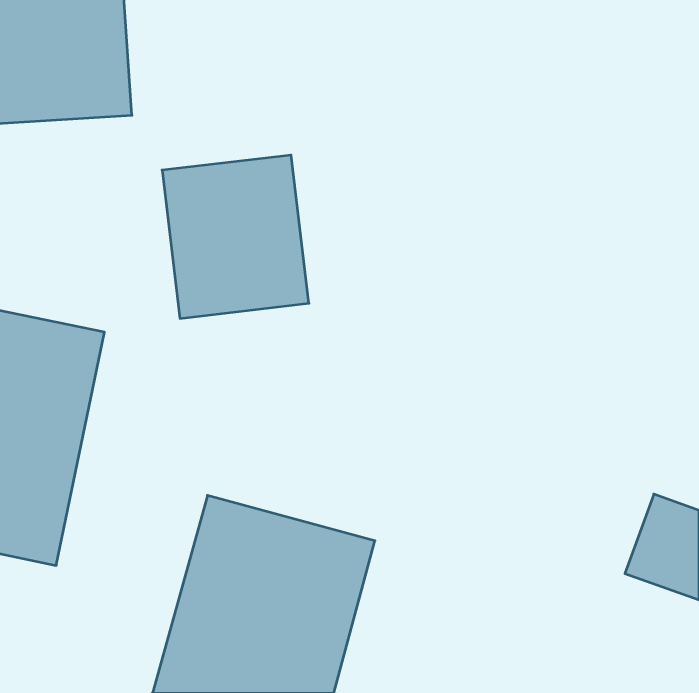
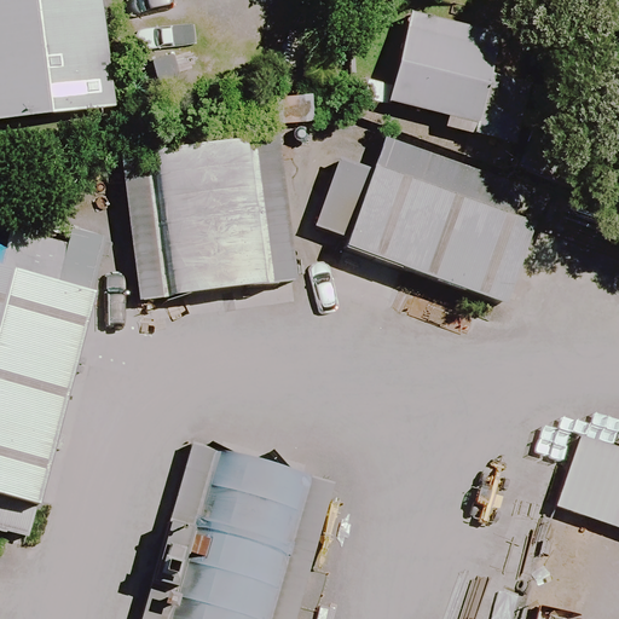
building: none -> [383,10,501,135]
building: none -> [290,155,536,312]

